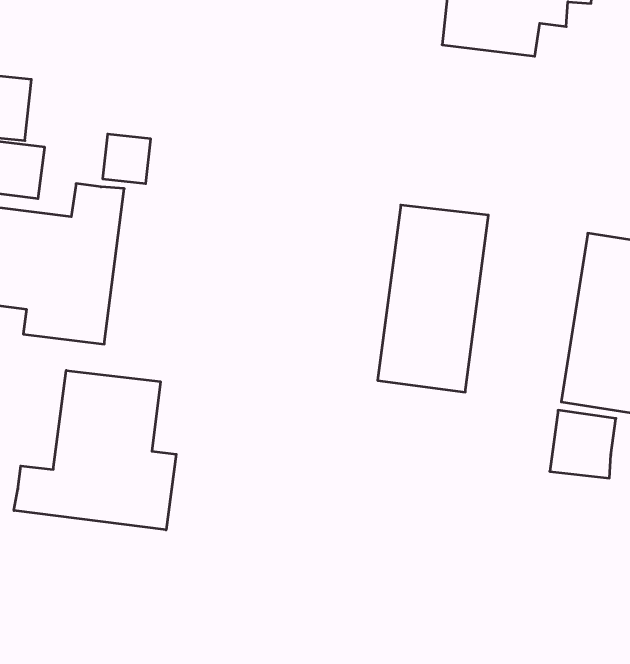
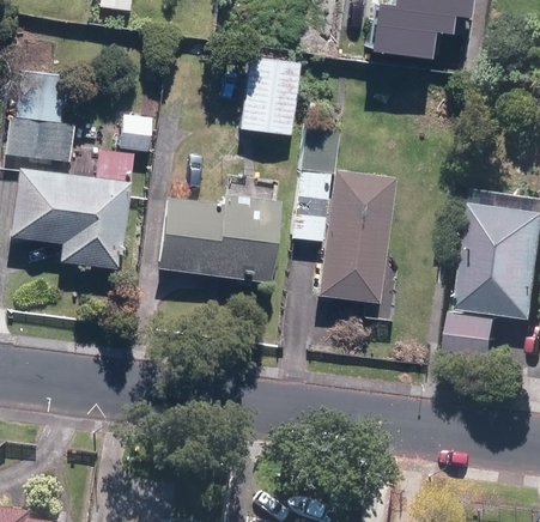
building: none -> [238,56,301,135]
building: none -> [159,193,283,283]
building: [14,370,176,530] -> none

